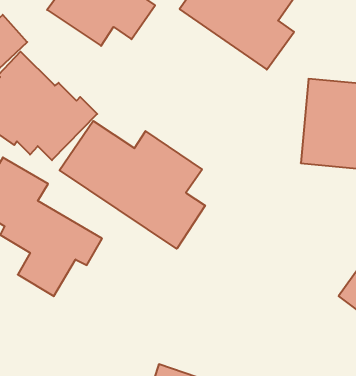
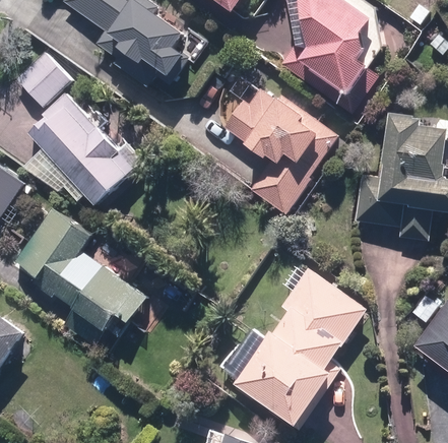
building: none -> [226,86,342,215]
building: [60,121,205,249] -> none
building: none -> [226,264,372,425]

